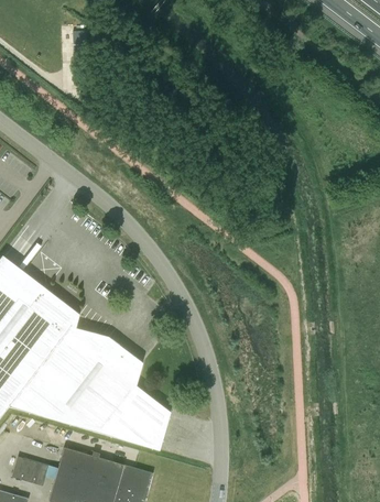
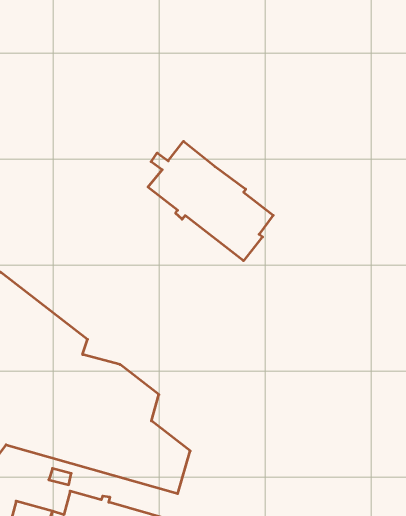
building: none -> [148,141,273,261]

